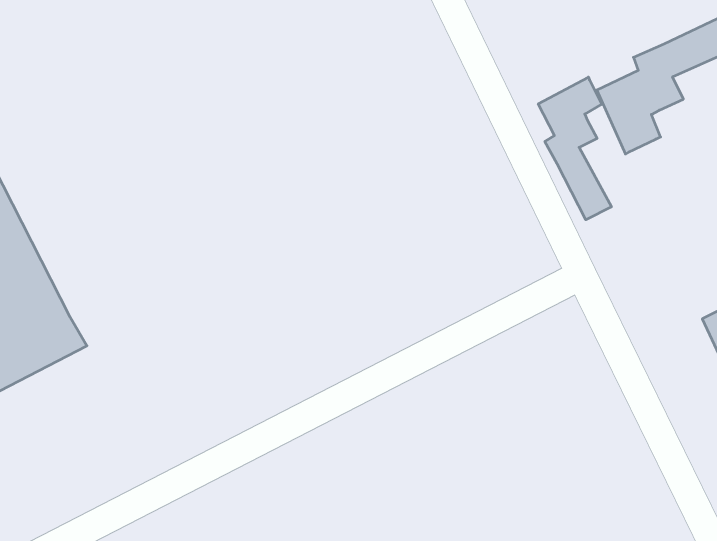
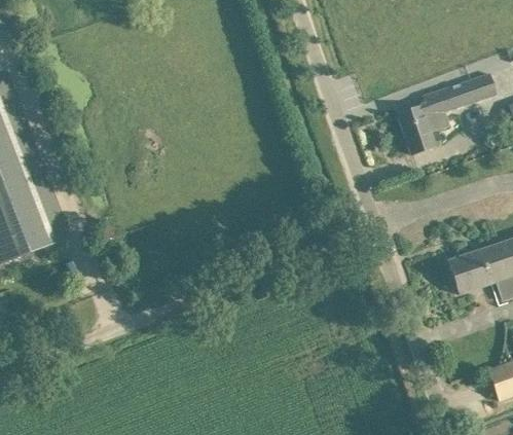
building: [538,77,611,220] -> none

